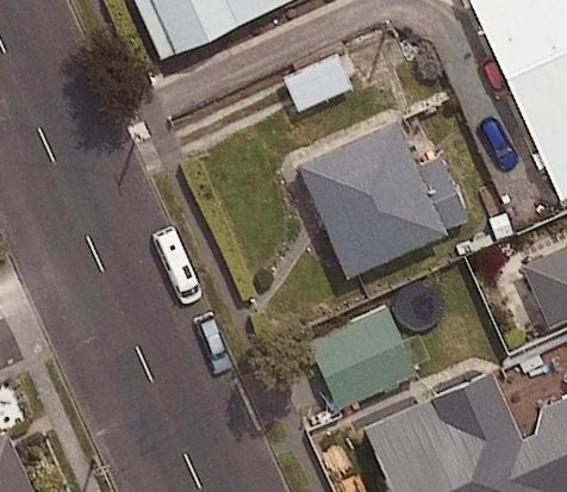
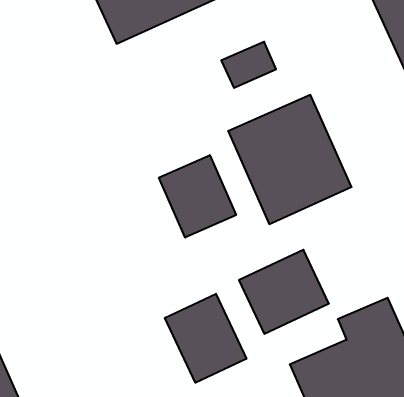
building: none -> [159,155,236,238]
building: none -> [165,294,246,383]

